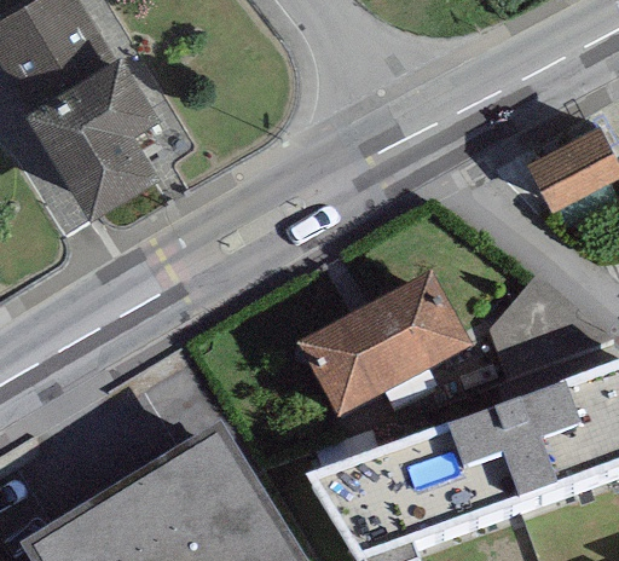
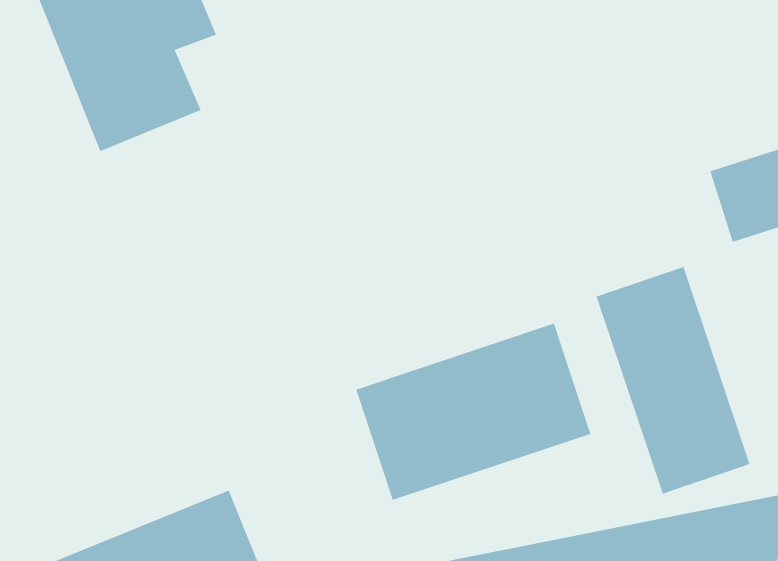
building: none -> [596,266,750,494]

